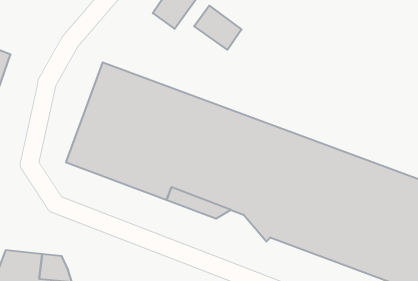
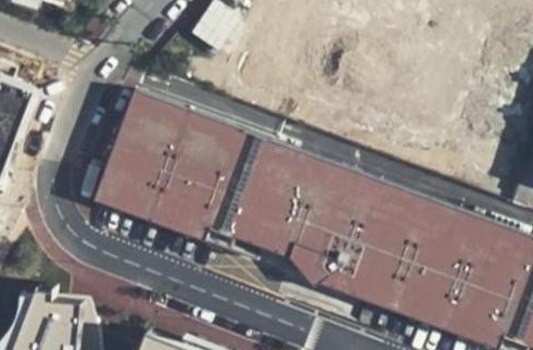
building: [194,6,242,50] -> none

